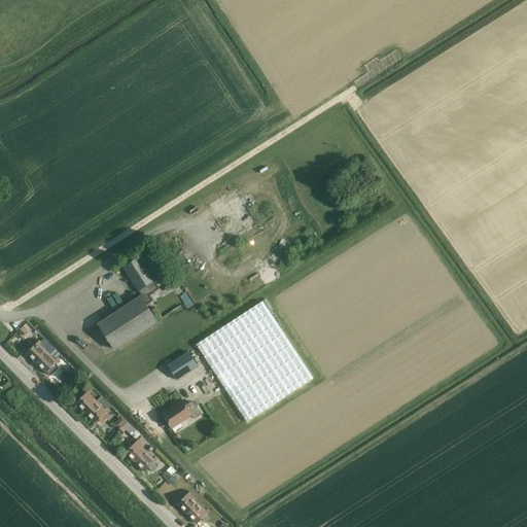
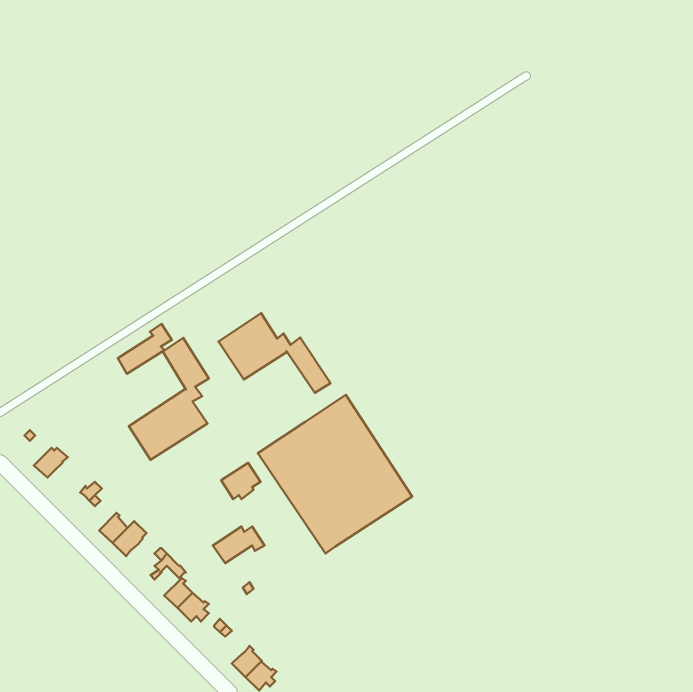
building: none -> [219,313,330,393]
building: none -> [118,324,172,374]
building: [36,346,61,375] -> none

